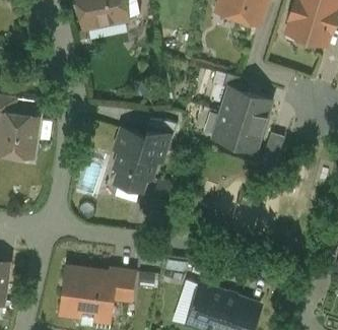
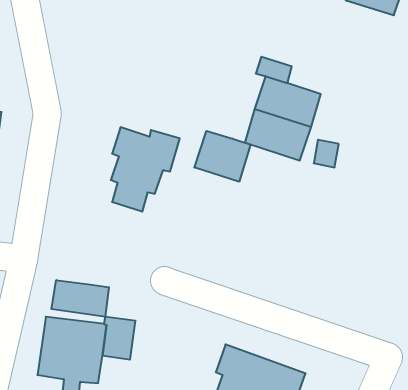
building: none -> [194,131,251,182]
building: none -> [51,280,109,317]

